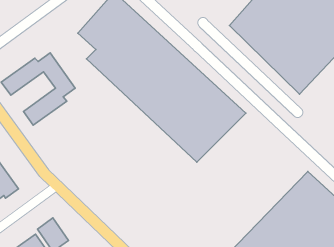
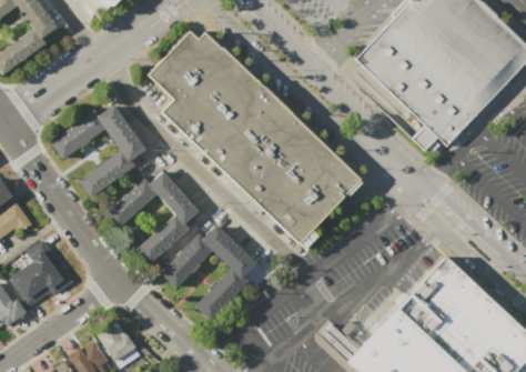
building: none -> [105,172,200,264]
building: none -> [162,225,257,321]

